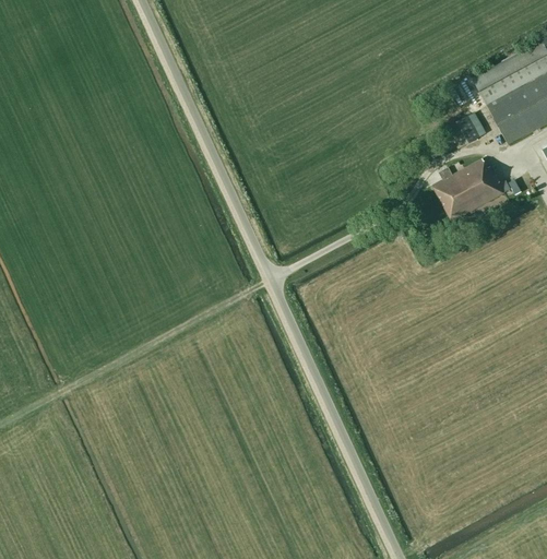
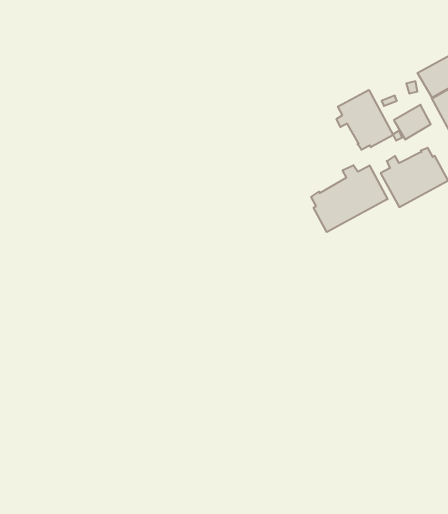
building: none -> [337,90,393,150]
building: none -> [311,165,388,232]

